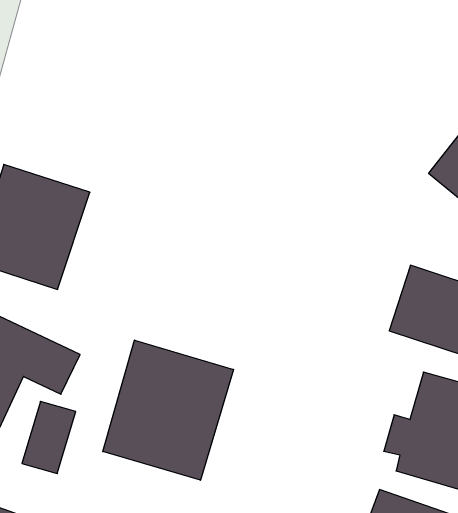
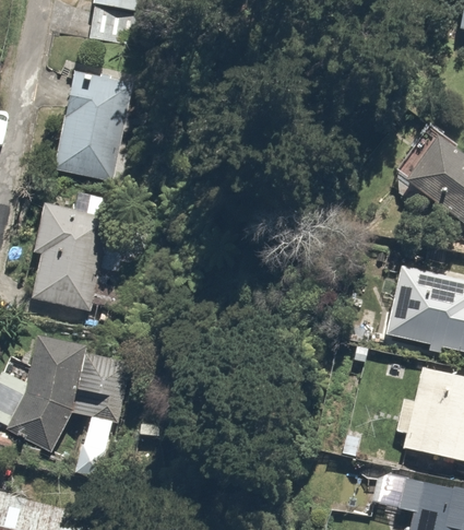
building: none -> [53,69,144,185]
building: [103,340,234,480] -> none

